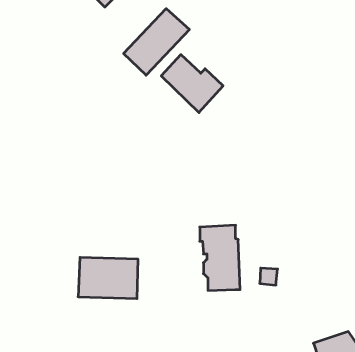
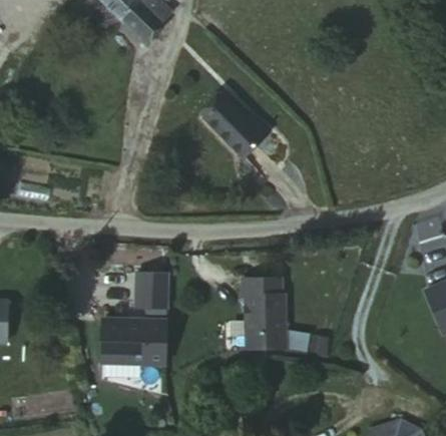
building: [124,9,189,75] -> none
building: none -> [138,268,170,306]

